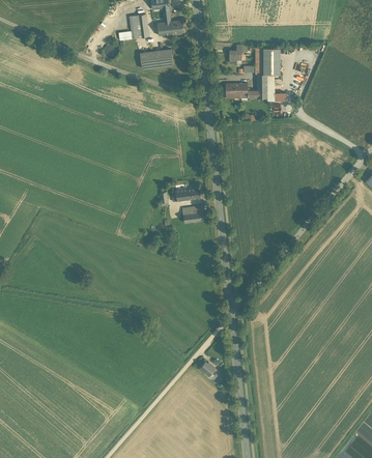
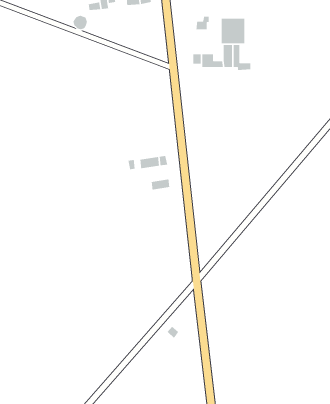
building: [140,49,173,67] -> none

